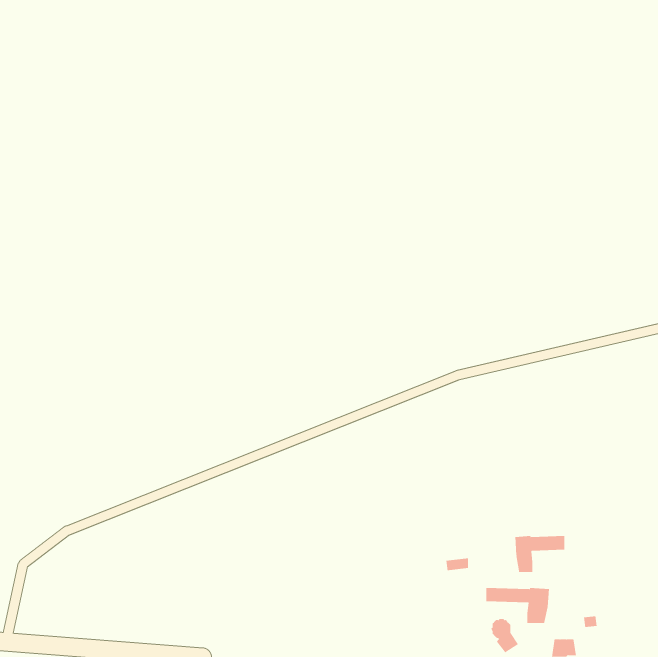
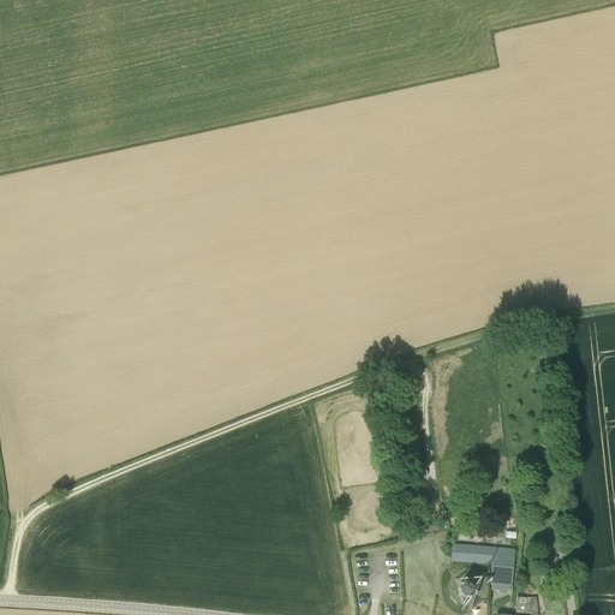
building: [515,535,565,573] -> none

